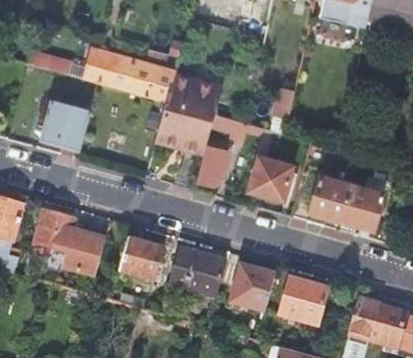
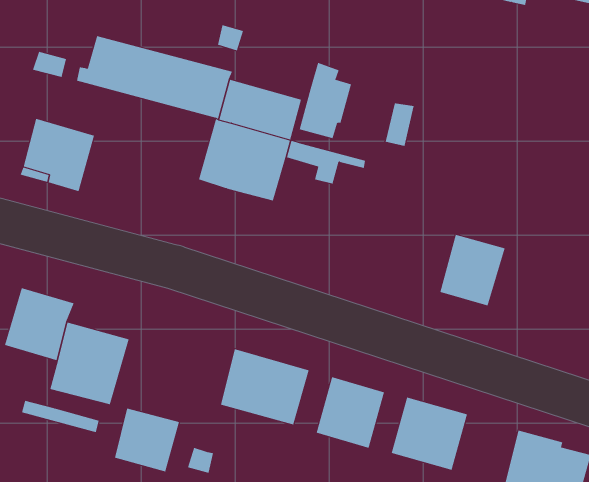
building: [197,136,231,185] -> [299,62,352,139]
building: [250,155,294,198] -> none
building: [342,183,385,229] -> none
building: [121,239,163,281] -> [114,408,180,472]

